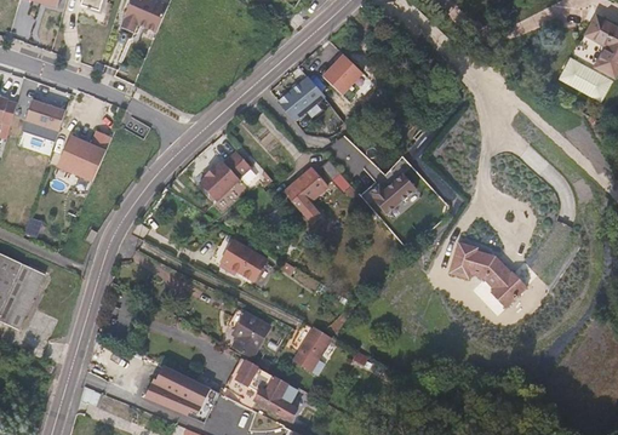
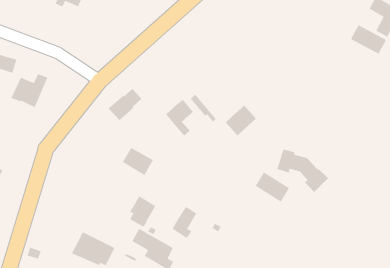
building: [321,53,362,95] -> none
building: [277,78,322,120] -> none
building: none -> [255,171,290,203]

